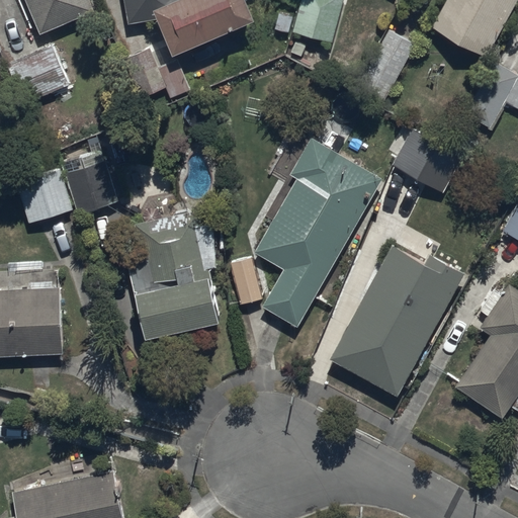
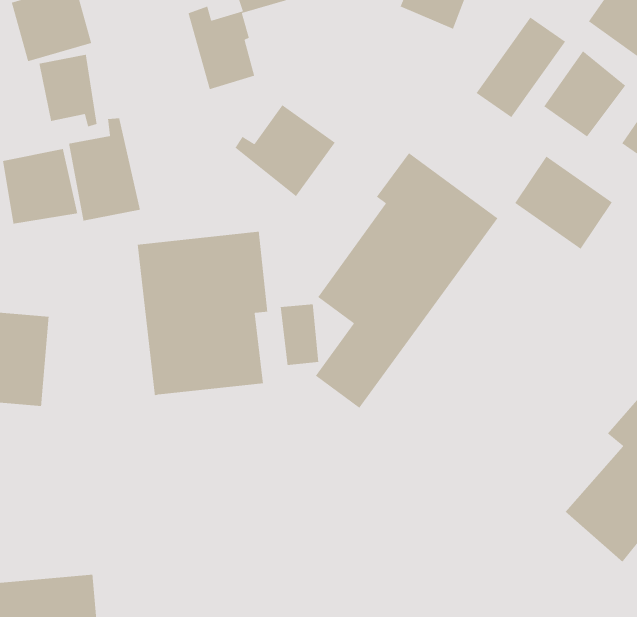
building: none -> [543,50,626,138]
building: none -> [39,54,98,127]
building: none -> [234,104,336,197]
building: [330,244,465,395] -> none

